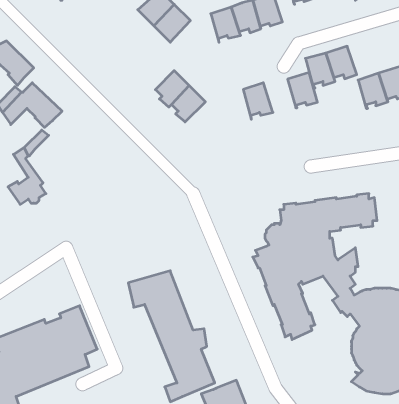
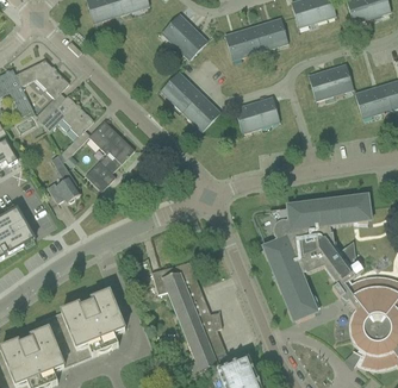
building: none -> [160,70,193,104]
building: [288,73,317,108] -> [235,101,261,132]
building: none -> [85,120,135,190]

